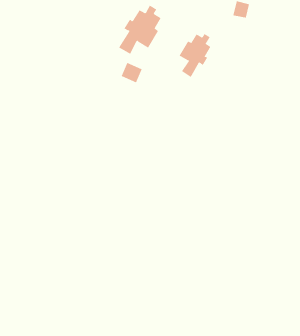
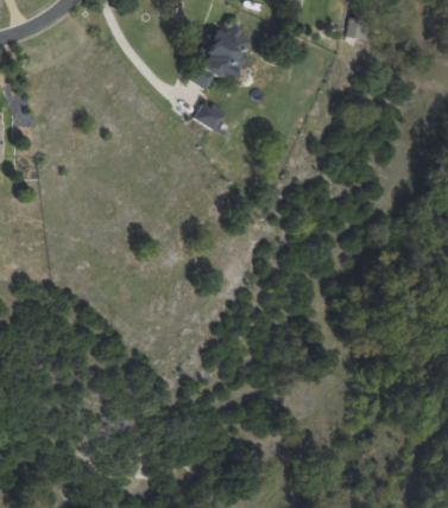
building: [179,33,211,78] -> none

